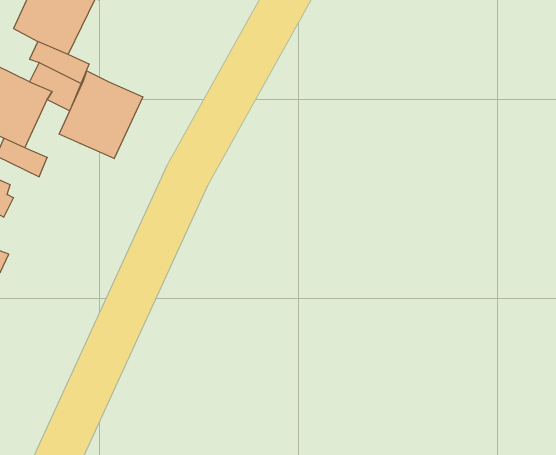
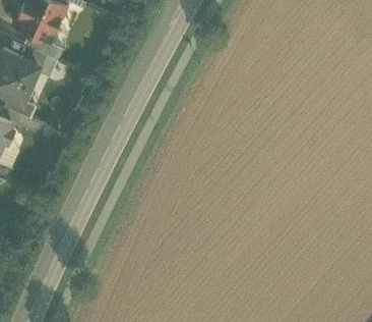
building: [59,71,143,159] -> none

